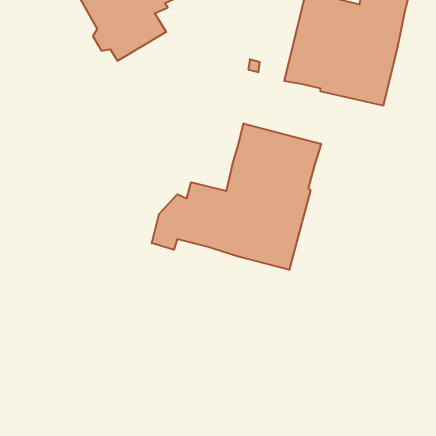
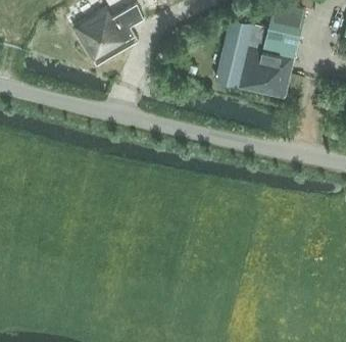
building: [152,123,321,270] -> none

